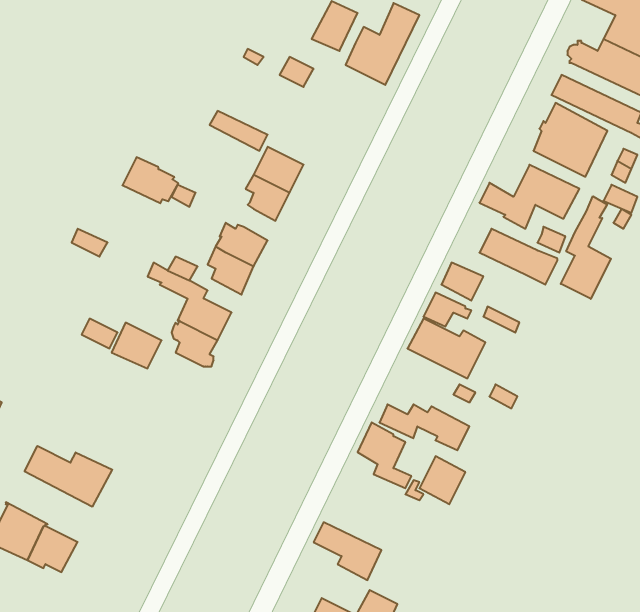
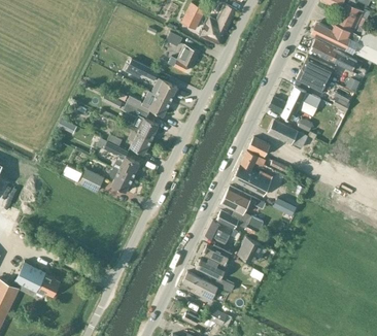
building: none -> [168,43,199,71]
building: [122,157,178,203] -> [123,96,151,120]
building: [561,196,611,299] -> none
building: none -> [220,186,250,214]
building: [25,446,112,507] -> none
building: none -> [195,244,234,292]

